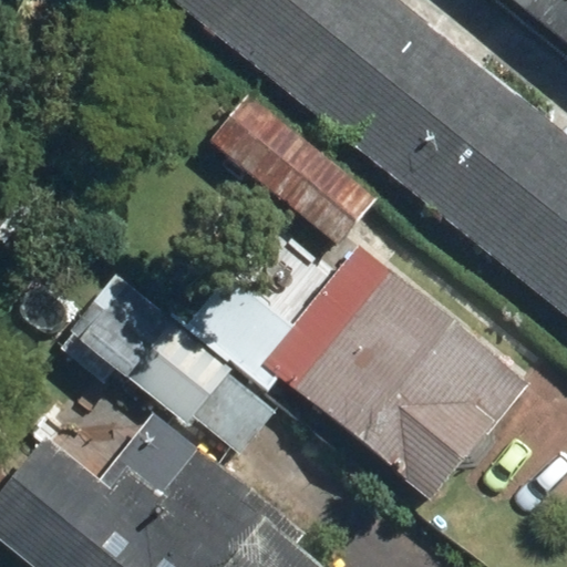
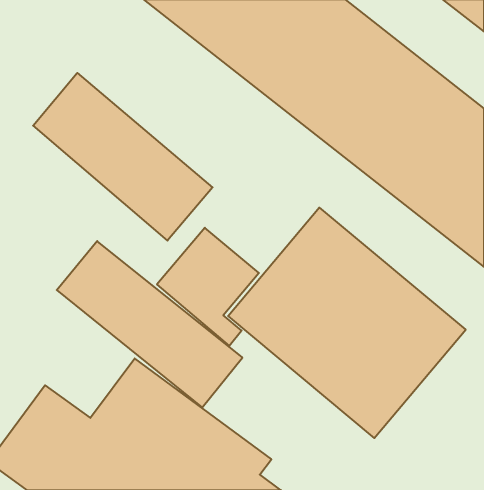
building: none -> [33,73,213,241]
building: [204,89,379,246] -> none

